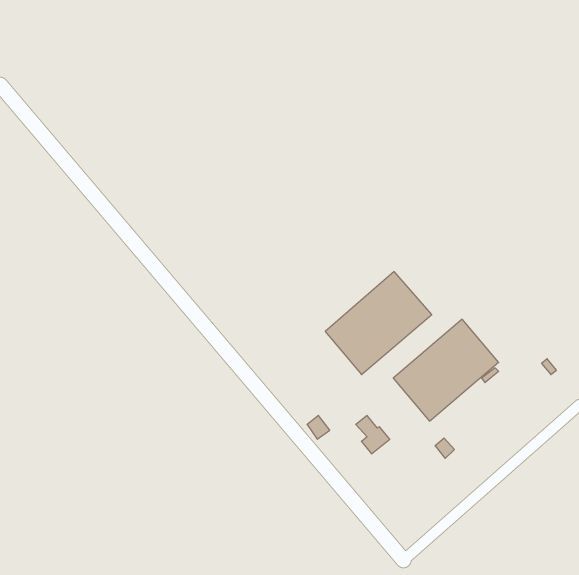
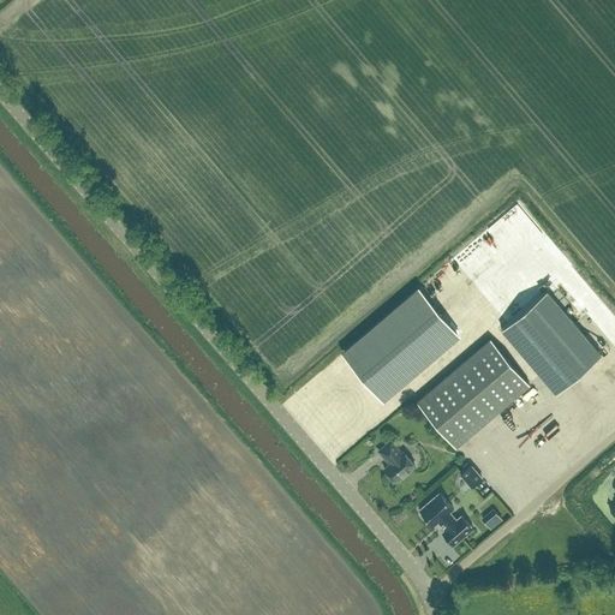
building: none -> [501,293,602,396]
building: none -> [420,495,473,548]

